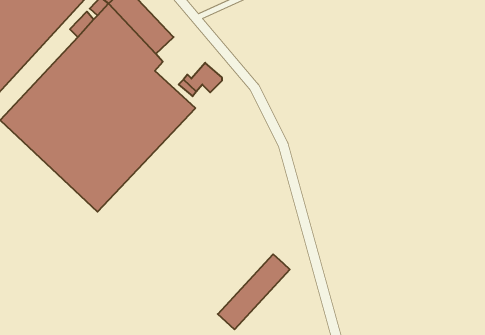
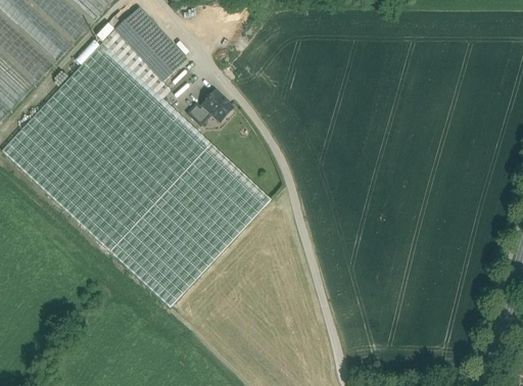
building: none -> [103,138,271,307]
building: [218,254,290,329] -> none

